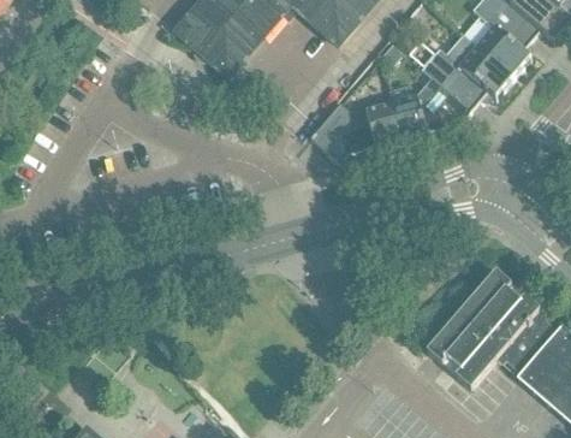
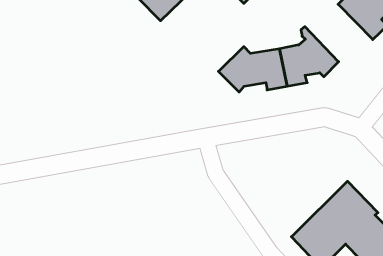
building: [420,32,512,110] -> none

